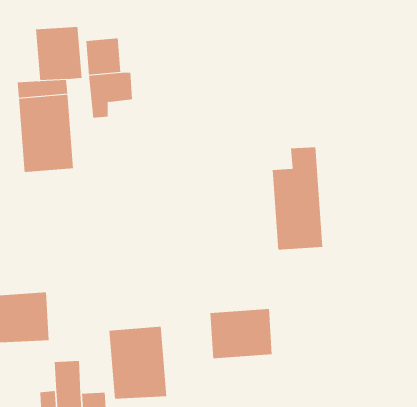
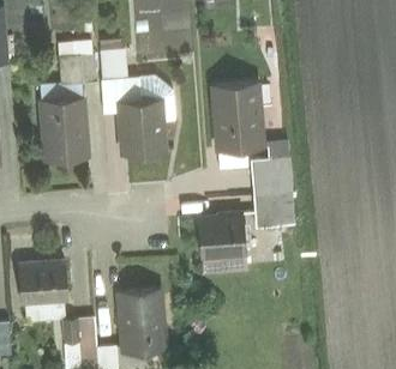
building: none -> [205,83,264,151]
building: none -> [116,99,167,156]
building: [210,309,273,359] -> [199,216,252,258]

